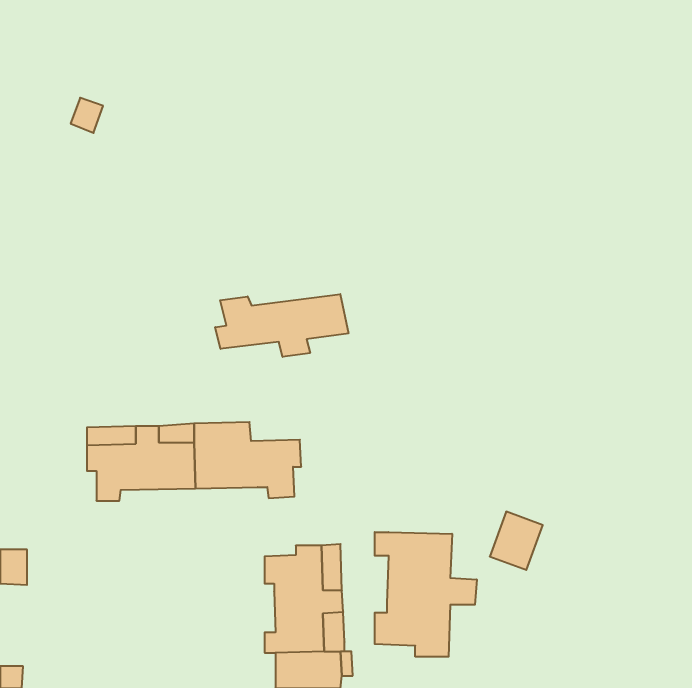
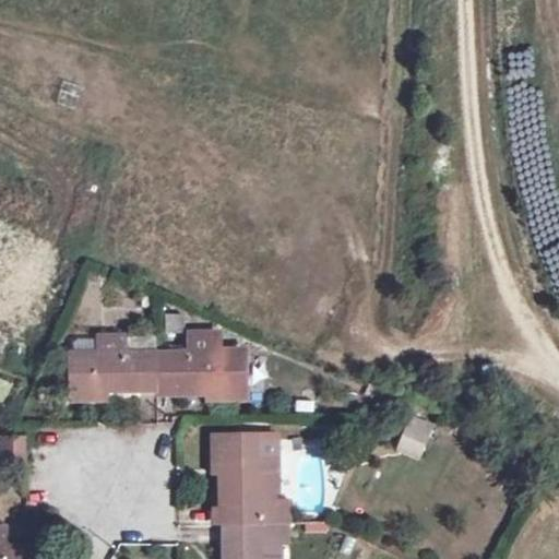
building: [215,294,348,357] -> none
building: [375,532,477,657] -> none

